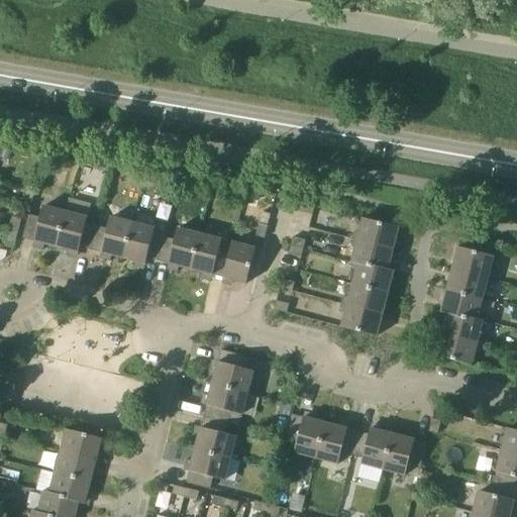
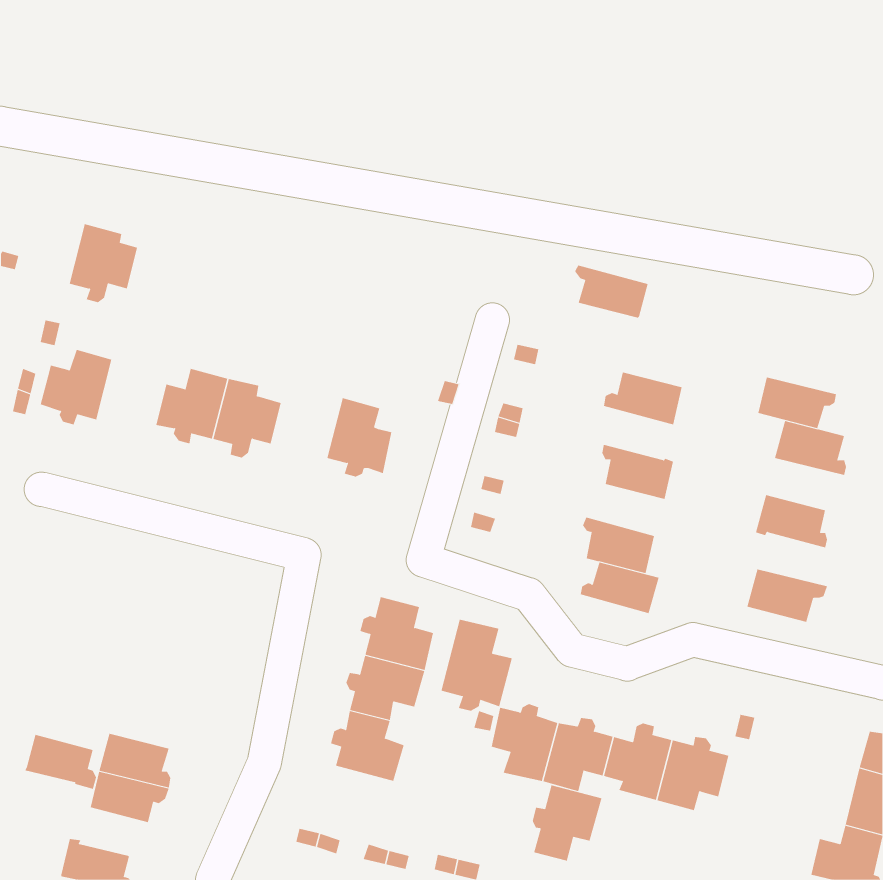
building: [57,210,97,256] -> [69,223,138,303]
building: [159,226,200,271] -> none
building: [350,237,394,269] -> [574,265,649,318]
building: [222,240,256,284] -> none
building: [447,268,494,298] -> [757,377,837,429]
building: [342,283,389,313] -> [580,562,659,614]
building: [442,311,485,342] -> none
building: none -> [441,619,512,711]
building: [185,447,230,488] -> none
building: none -> [532,785,602,862]
building: [46,472,89,504] -> [24,734,97,789]

